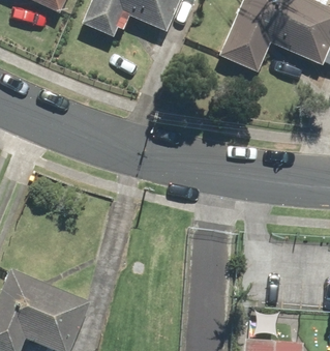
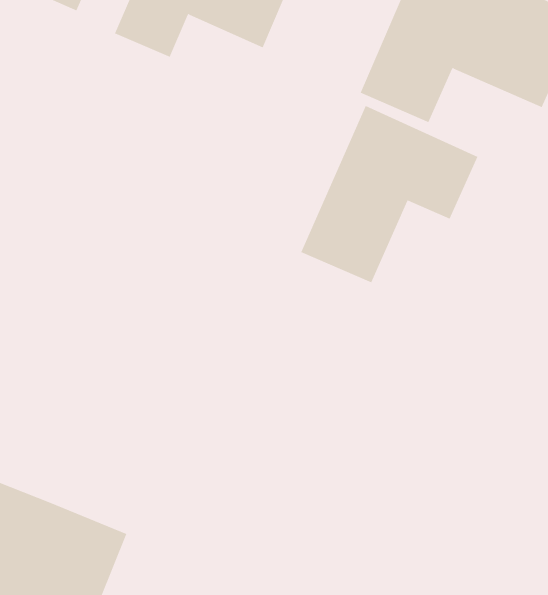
building: none -> [301,105,478,283]

